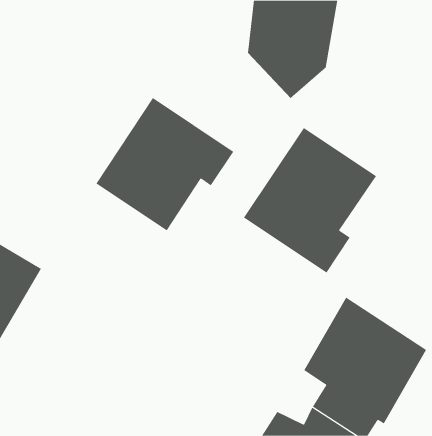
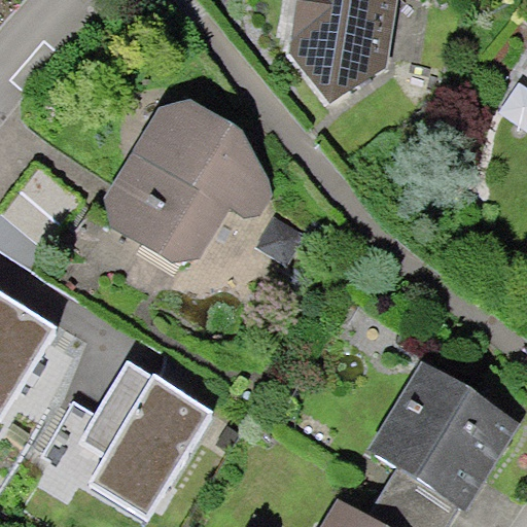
building: [243,127,377,273] -> none
building: none -> [38,358,205,505]

